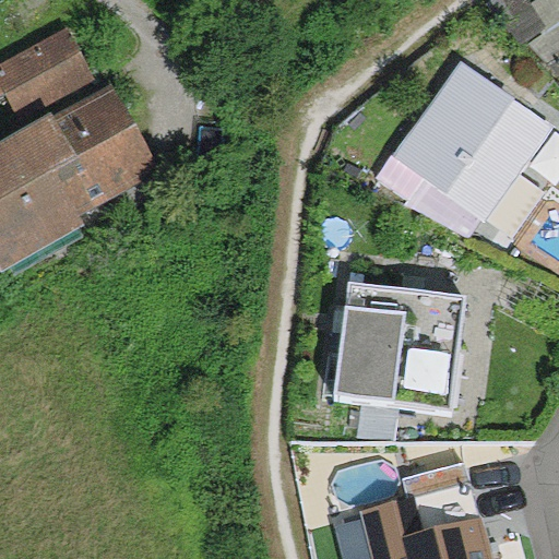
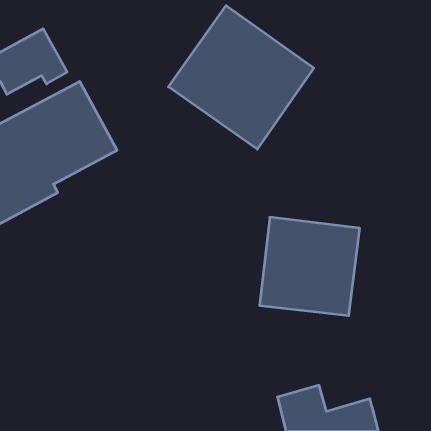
building: none -> [168,6,314,149]
building: [393,59,548,214] -> none

